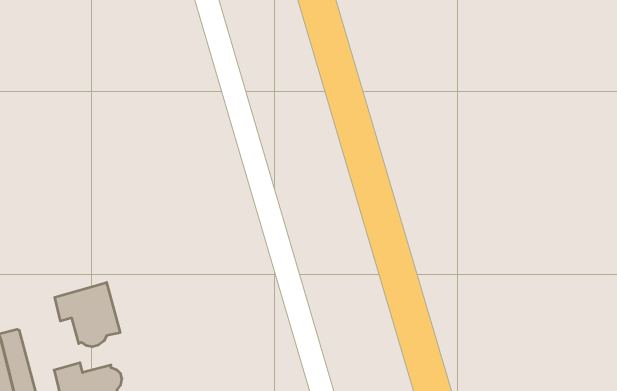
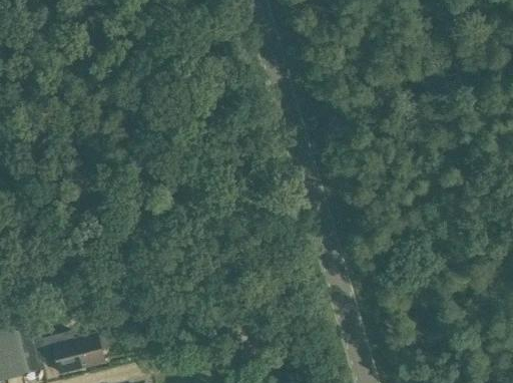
building: [55,282,120,347] -> none

